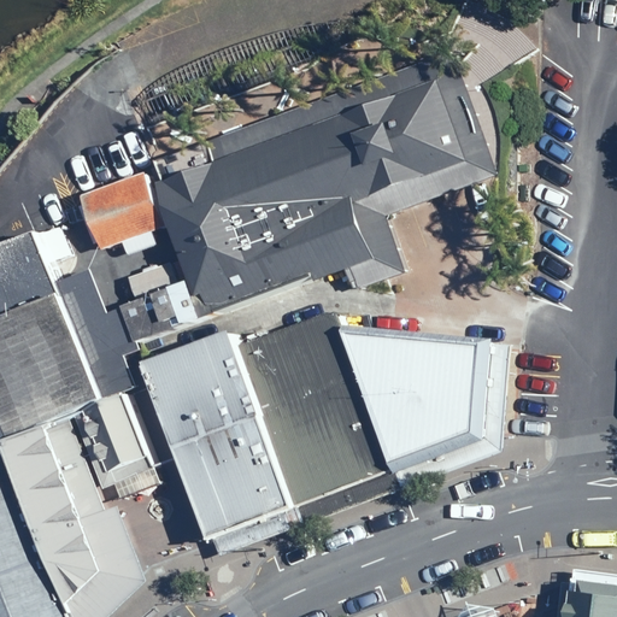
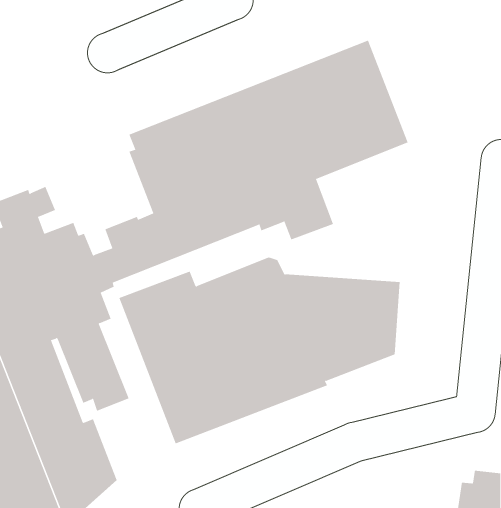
building: [81,172,163,254] -> none

